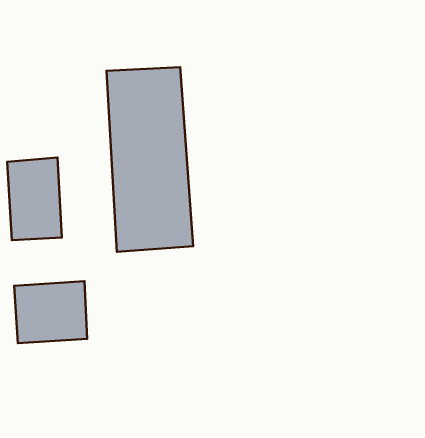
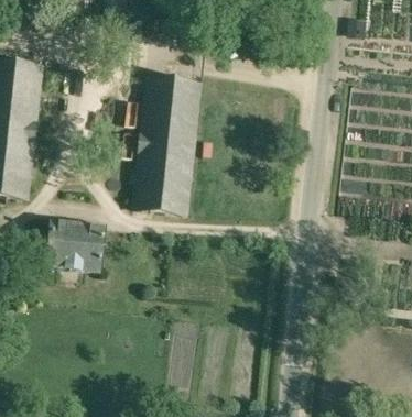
building: [7,158,62,240] -> none

